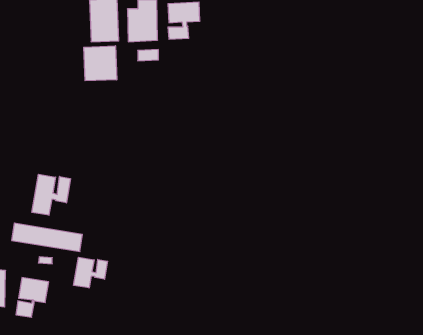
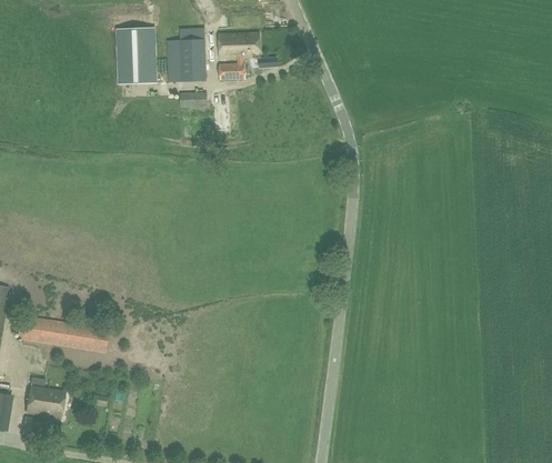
building: [84,46,117,81] -> none
building: [32,174,70,215] -> none
building: [74,257,108,288] -> none

